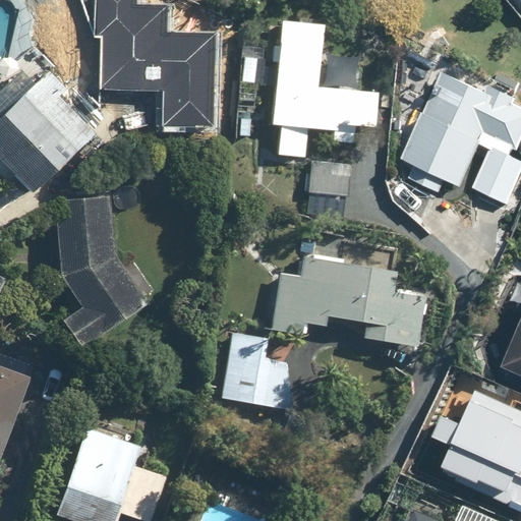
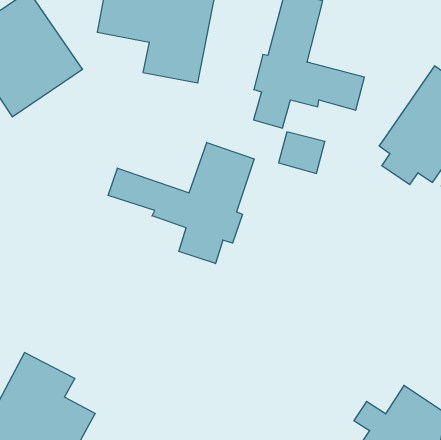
building: none -> [108,142,254,264]
building: [56,195,146,348] -> none
building: [272,256,425,346] -> none
building: [220,332,291,411] -> none

